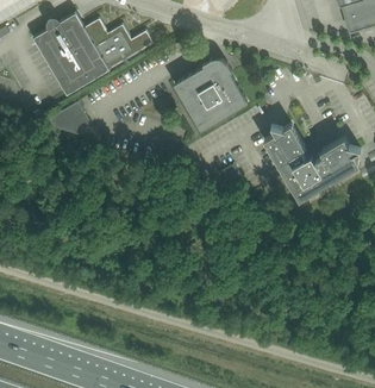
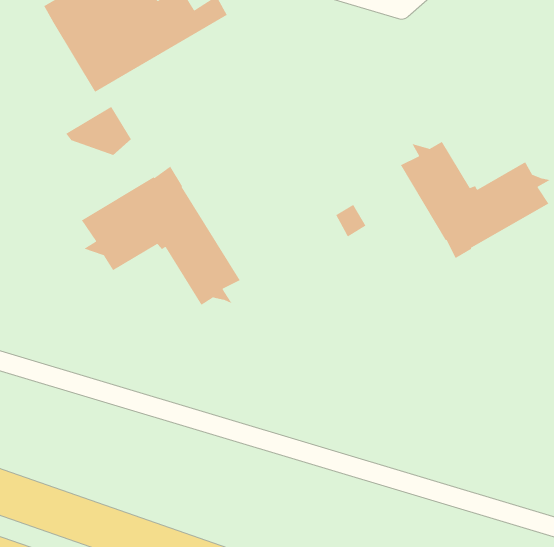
building: [174,58,246,131] -> none
building: none -> [81,165,241,306]

